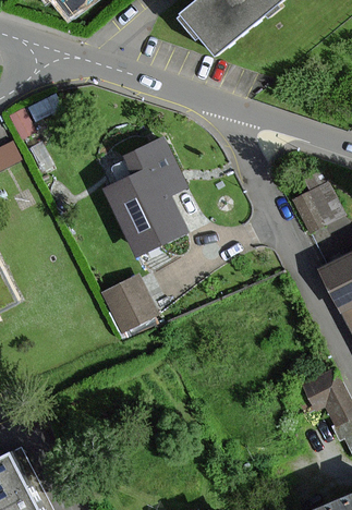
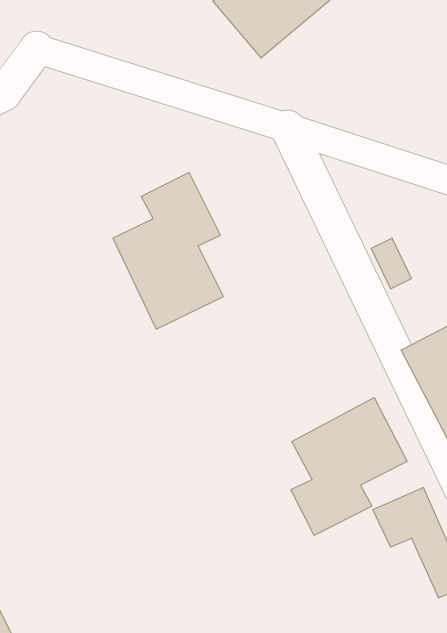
building: [100,276,155,333] -> none
building: none -> [291,398,407,535]

